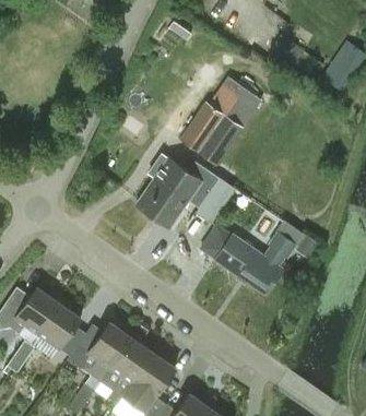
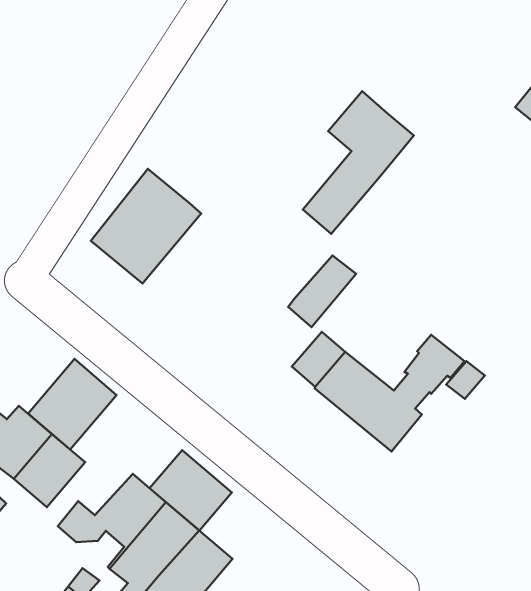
building: [178,100,224,152] -> none
building: [135,157,201,227] -> [91,169,201,283]
building: none -> [28,359,117,450]
building: none -> [150,450,232,531]

